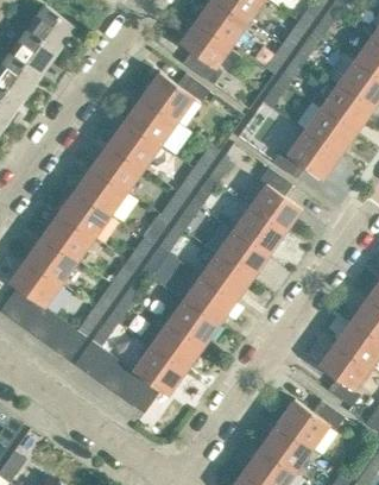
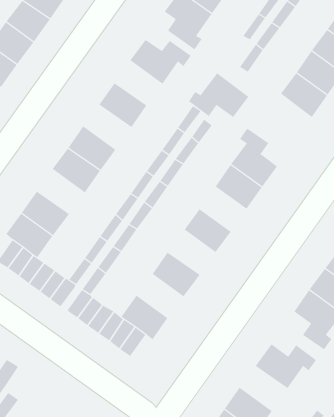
building: [125,96,177,145] -> none
building: [272,132,337,181] -> [188,73,249,118]
building: [91,144,144,193] -> none
building: [42,213,94,262] -> none
building: [216,232,267,281] -> none
building: [182,278,234,327] -> none
building: [149,326,200,373] -> none
building: [259,424,311,473] -> none

